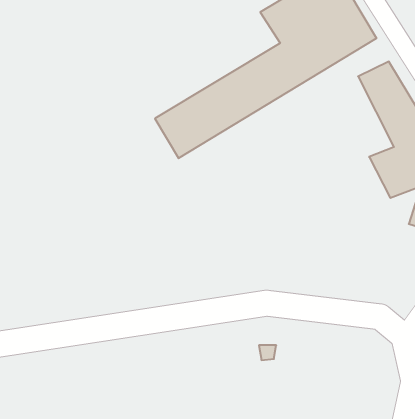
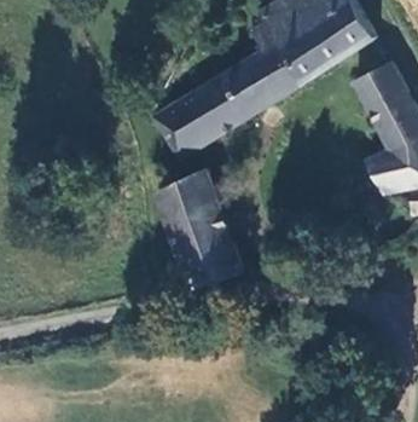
building: none -> [150,168,242,290]

